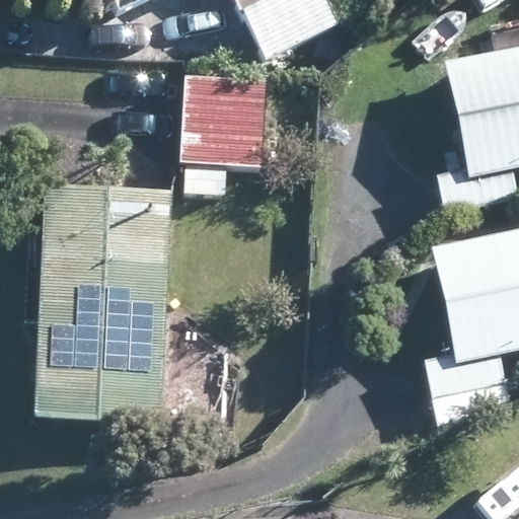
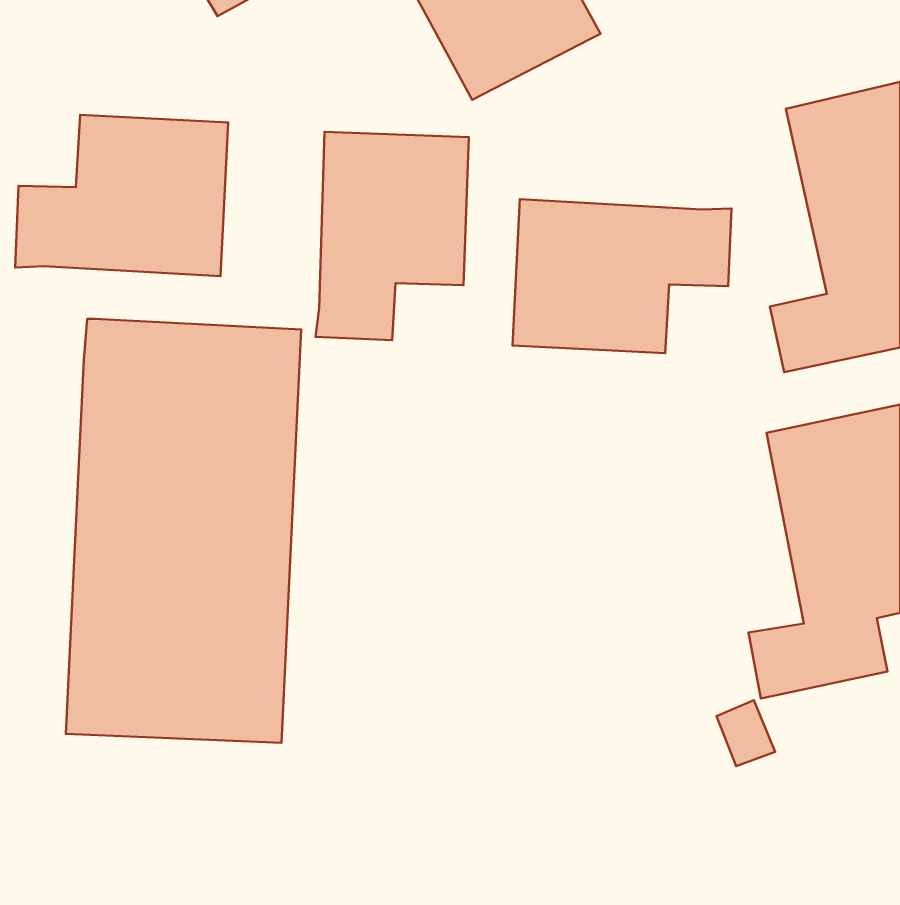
building: none -> [15,115,228,276]
building: none -> [512,199,731,353]

